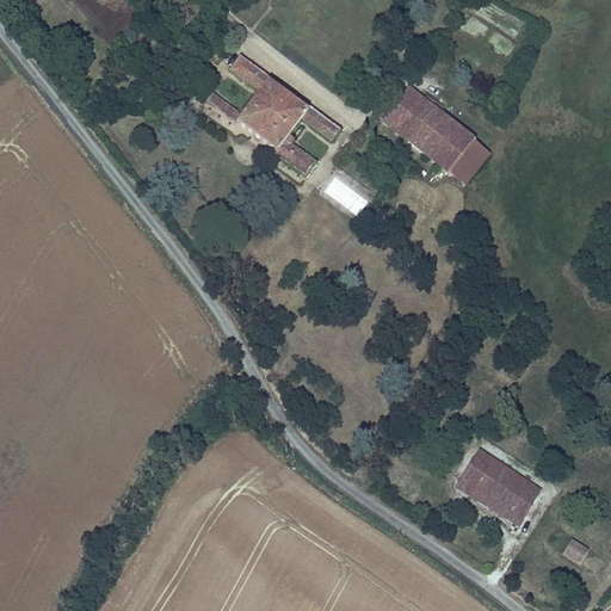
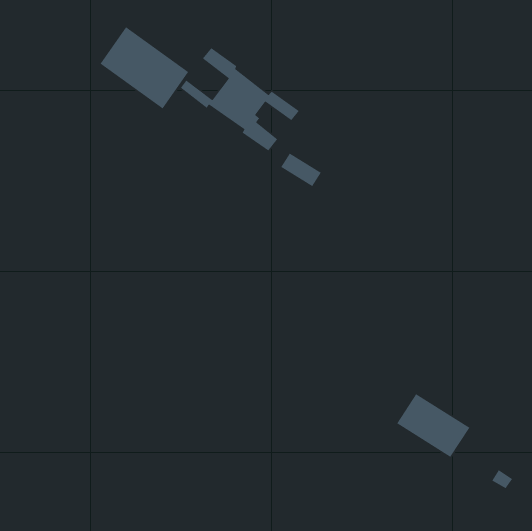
building: none -> [99,26,189,109]
building: [382,84,493,185] -> none

